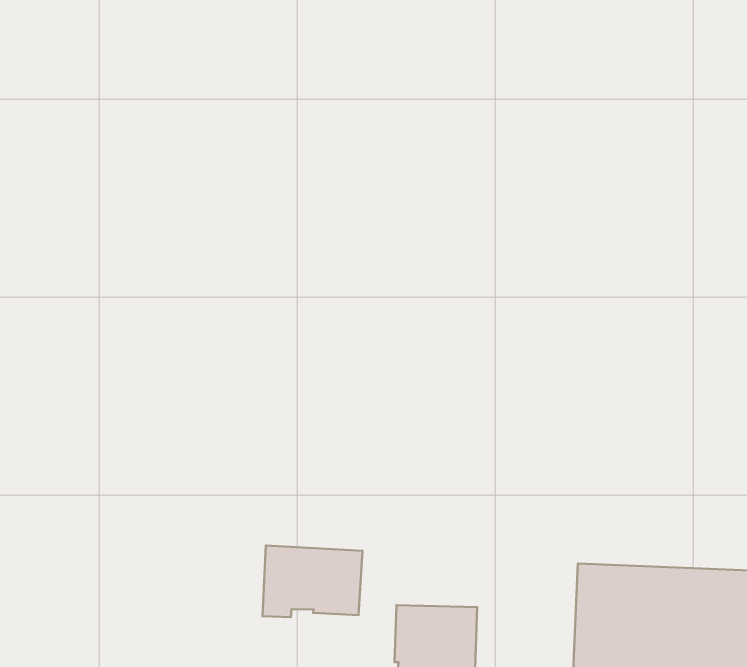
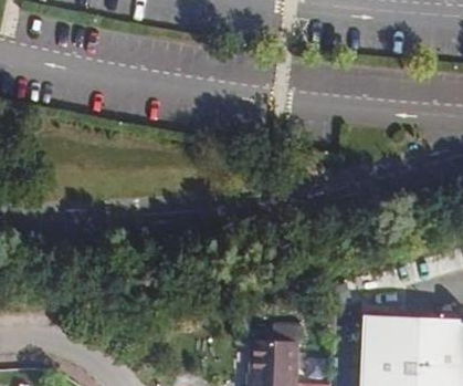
building: [263,546,363,617] -> none

